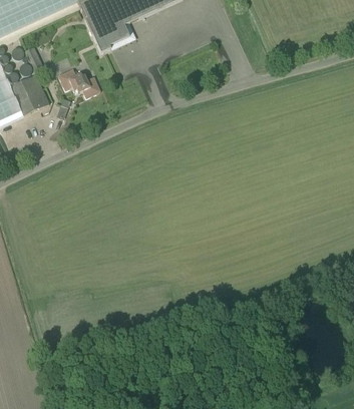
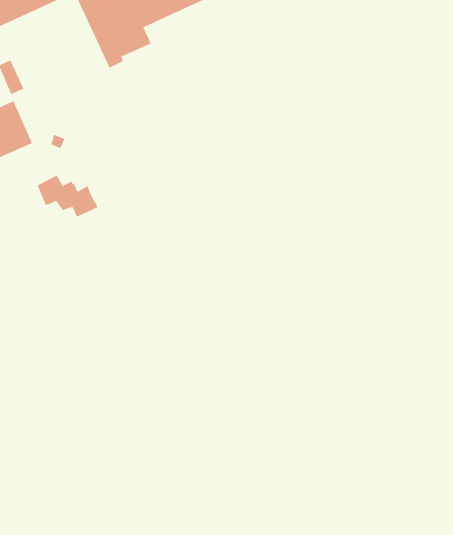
building: [58,67,100,96] -> [37,175,98,217]

